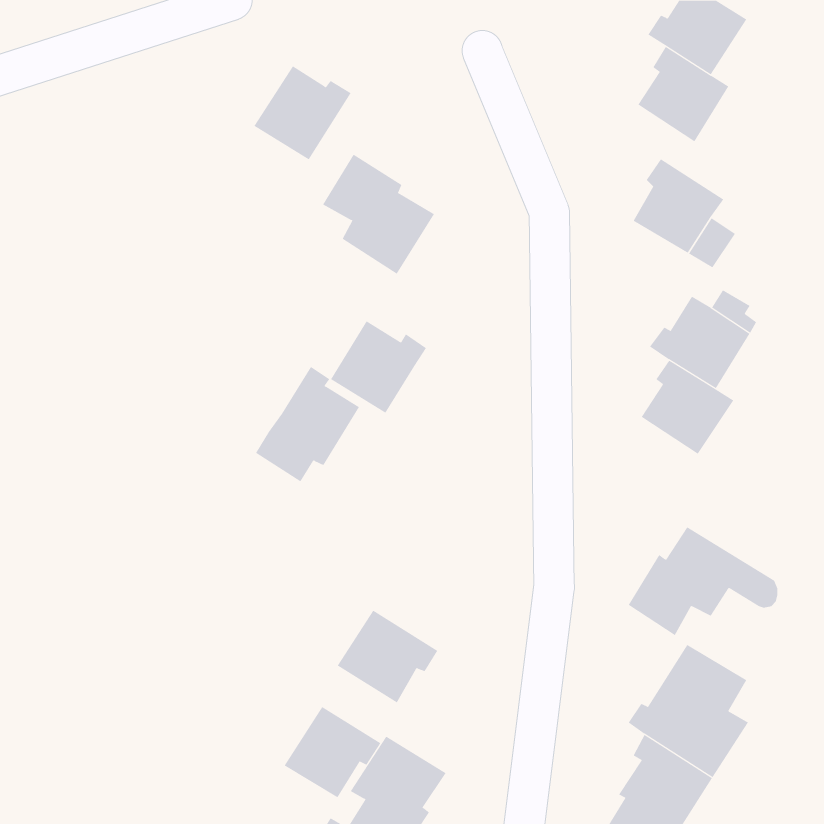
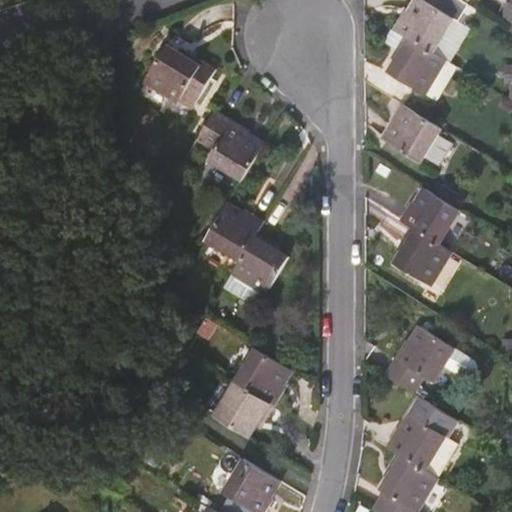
building: [255,366,360,482] -> [220,231,284,302]
building: none -> [228,347,286,405]
building: [284,706,381,798] -> none

